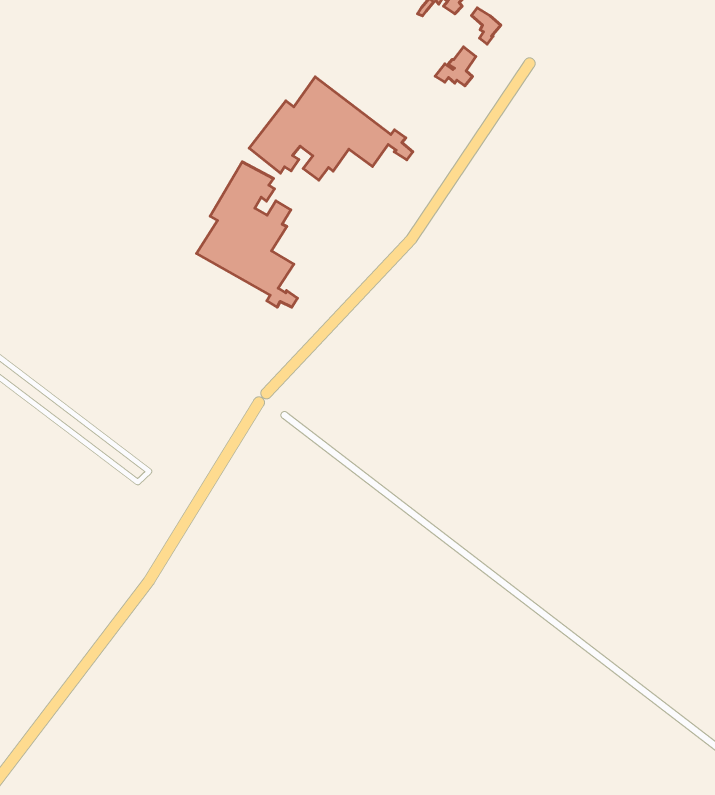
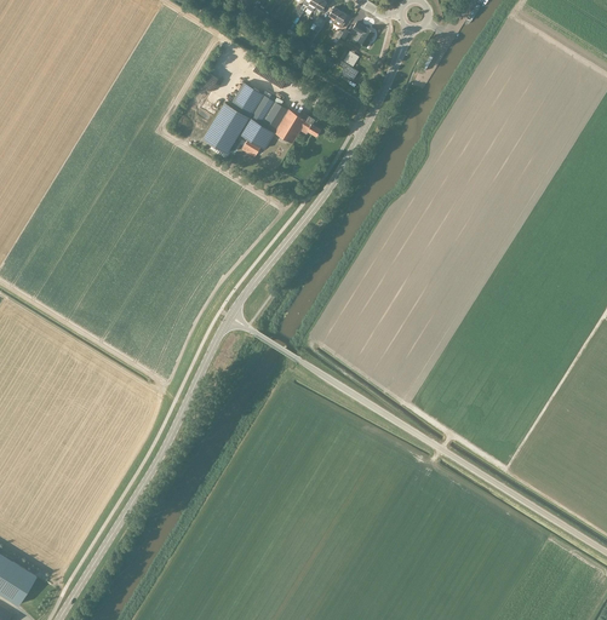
building: [197,162,297,307] -> none

